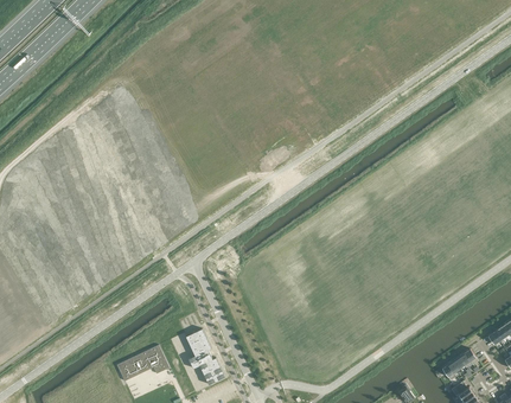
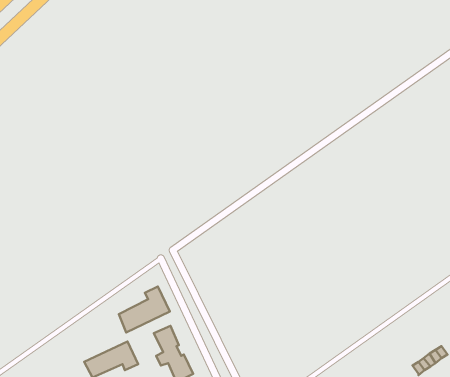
building: none -> [119,286,170,332]

